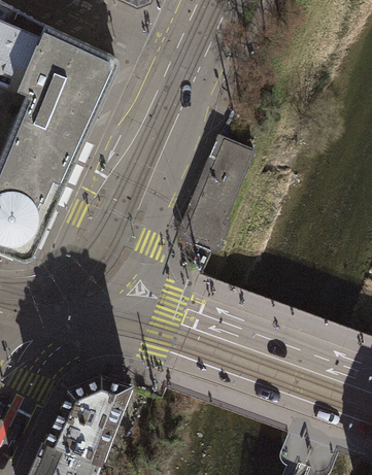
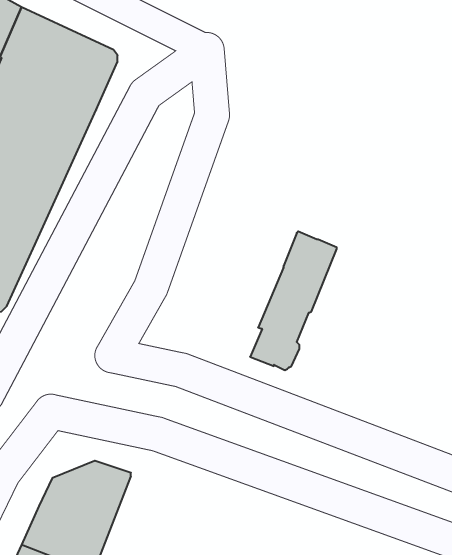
building: [180,143,247,250] -> [250,231,337,370]

